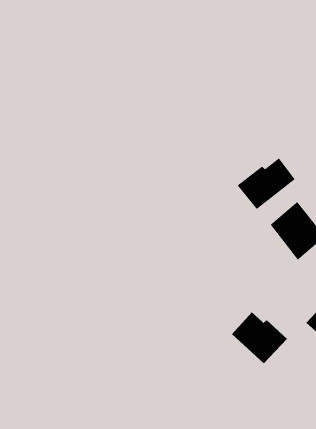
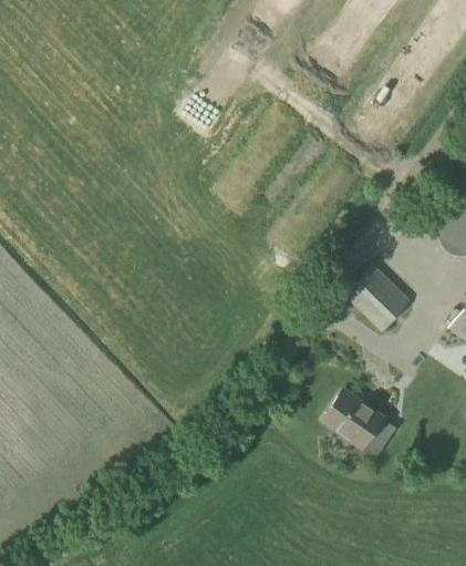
building: [237,157,296,210] -> none

